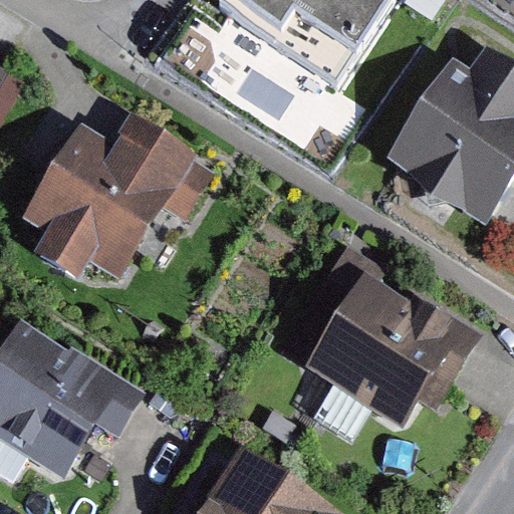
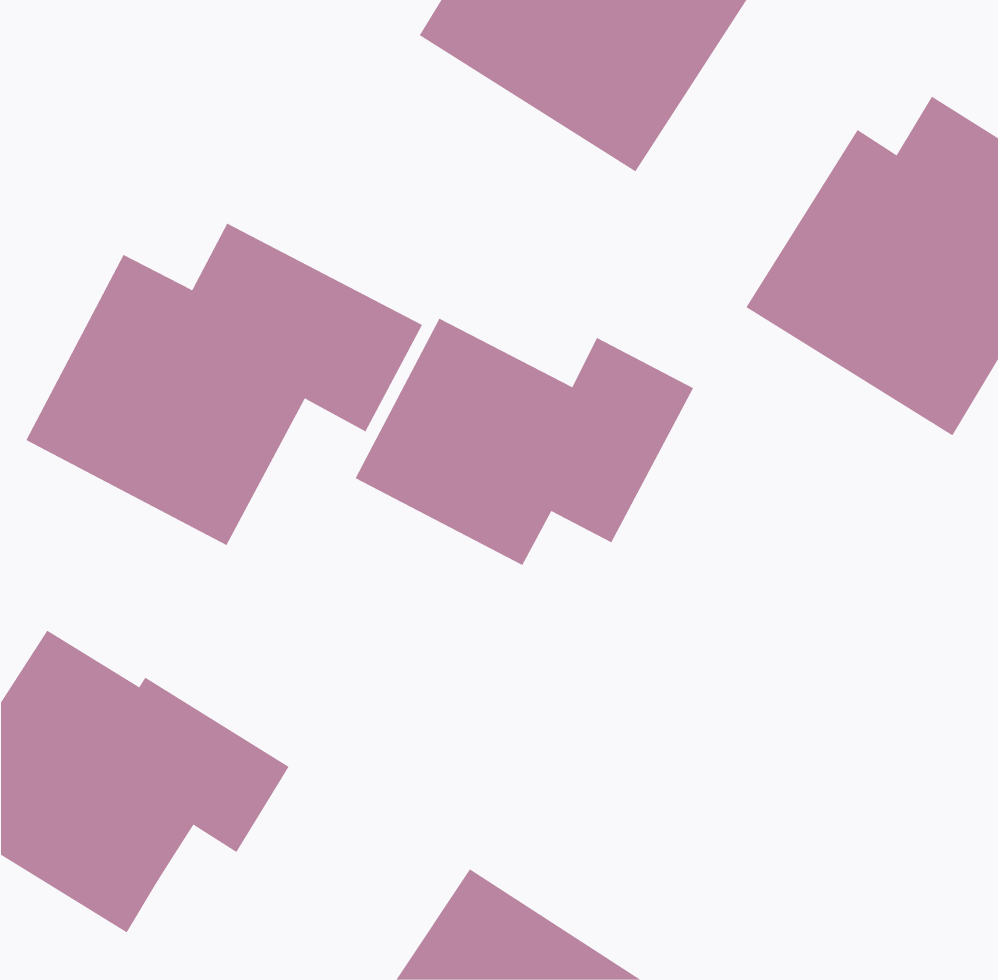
building: none -> [355,318,694,566]
building: [304,248,472,420] -> none

